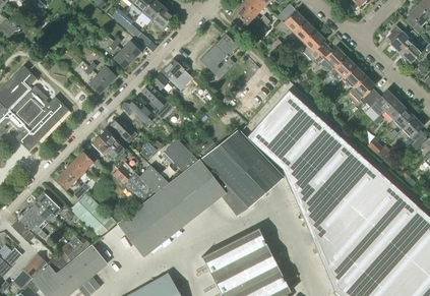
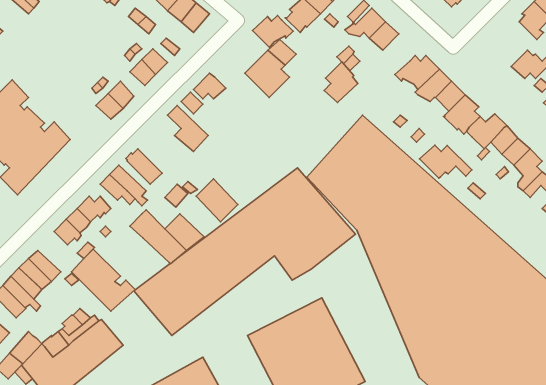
building: none -> [253,15,293,47]
building: [387,26,418,54] -> none
building: [302,29,327,60] -> [324,62,358,103]
building: [122,98,153,127] -> none
building: none -> [419,145,472,178]

